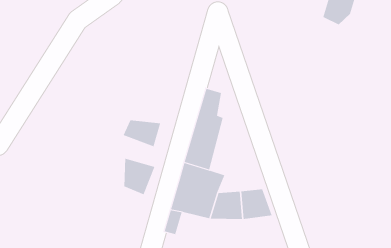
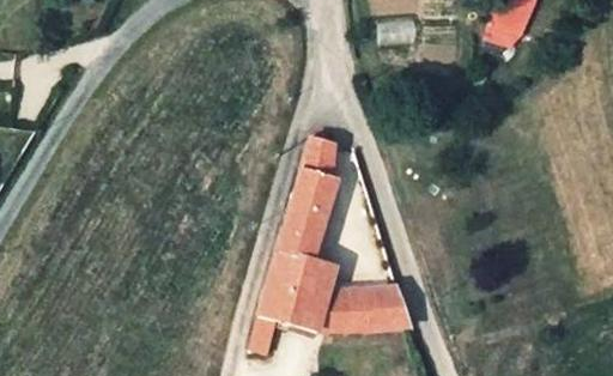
building: [123,120,161,147] -> none
building: [124,158,155,195] -> none

